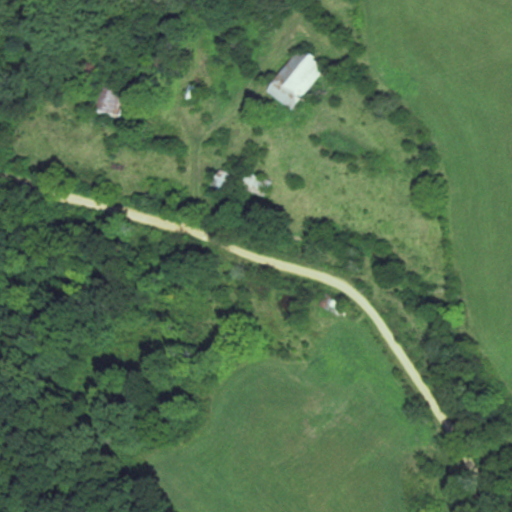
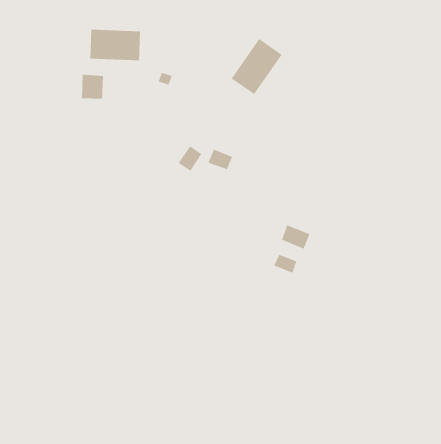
building: none -> [90,29,140,61]
building: none -> [281,224,310,249]

